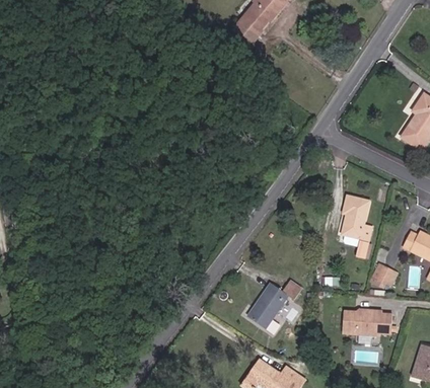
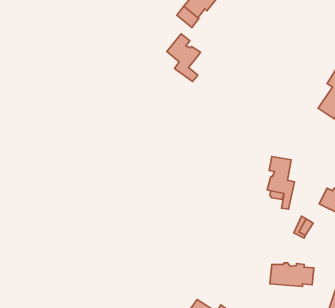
building: none -> [167,34,201,81]
building: [246,275,303,325] -> none

